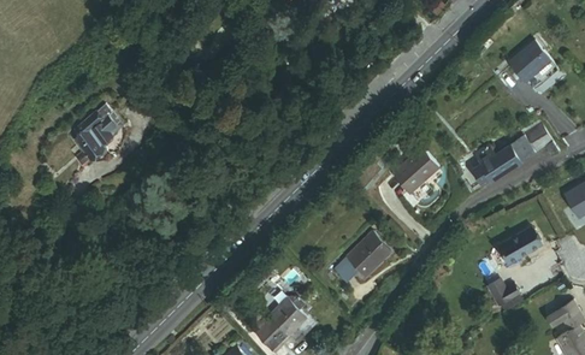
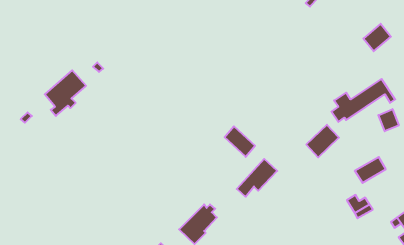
building: [396,150,442,196] -> [306,125,339,157]
building: none -> [378,109,399,131]
building: none -> [225,126,255,157]

